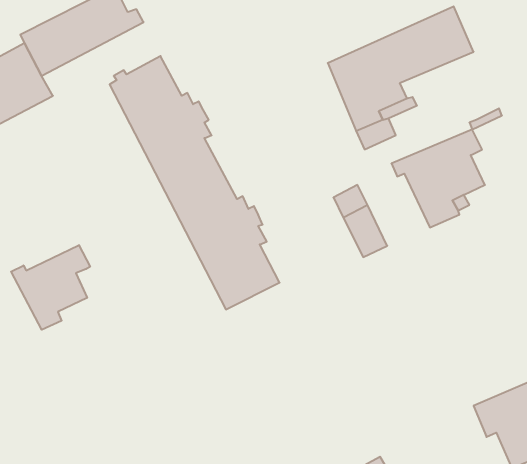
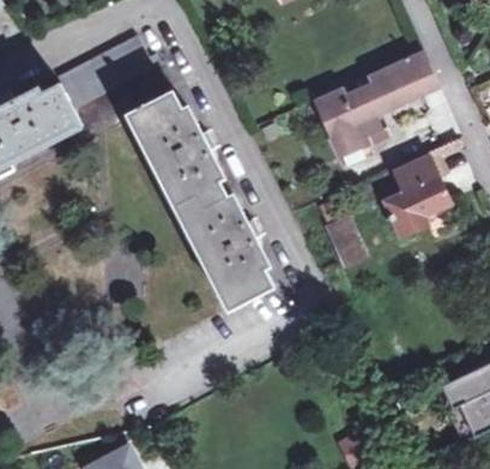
building: [11,245,90,330] -> none

